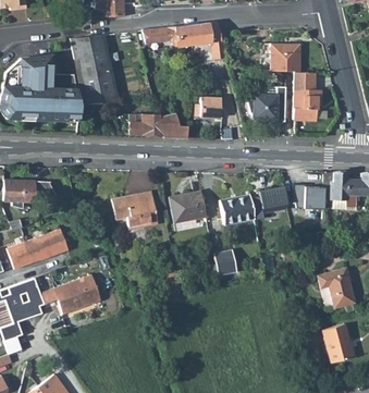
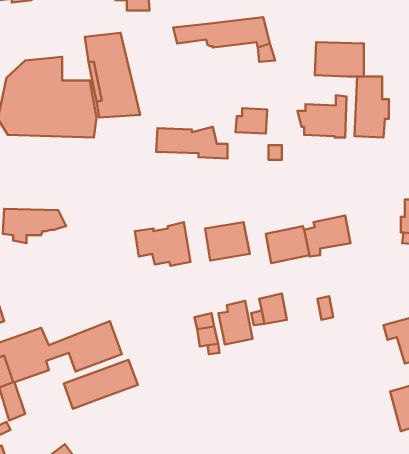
building: [293,185,325,209] -> none
building: [8,229,69,269] -> [64,360,138,409]
building: none -> [218,301,252,344]

